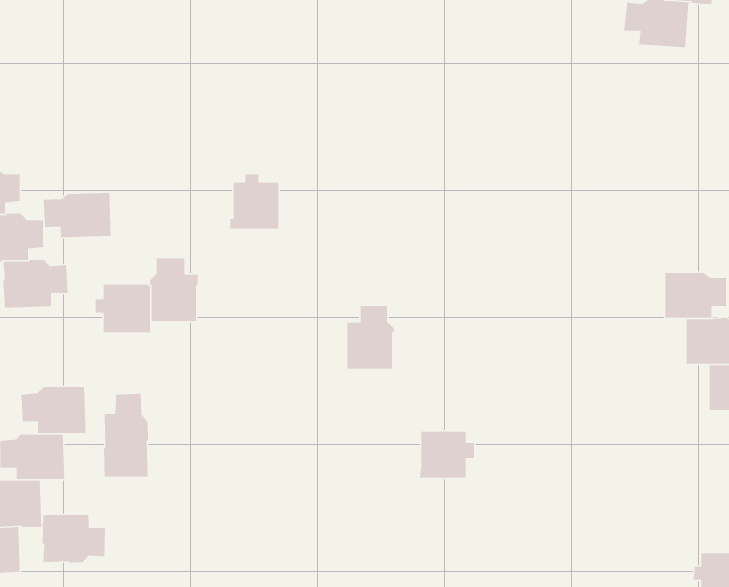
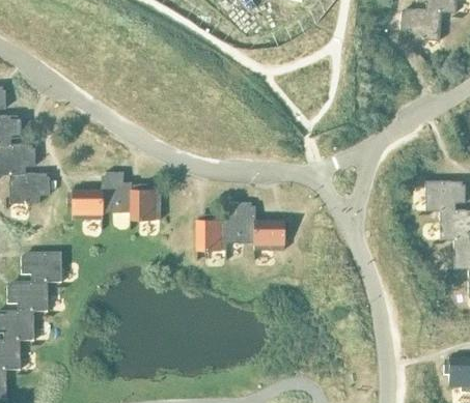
building: [230,174,279,230] -> [130,183,161,219]
building: [43,192,112,238] -> none
building: none -> [196,211,227,249]
building: [88,393,149,477] -> none
building: [419,431,475,479] -> [254,219,289,249]
building: [42,514,106,563] -> none

